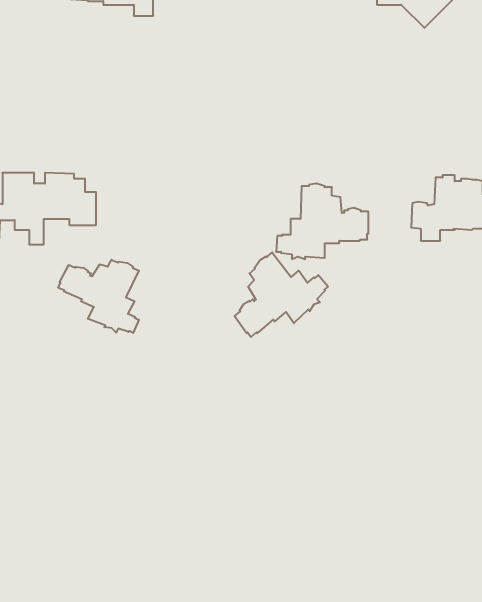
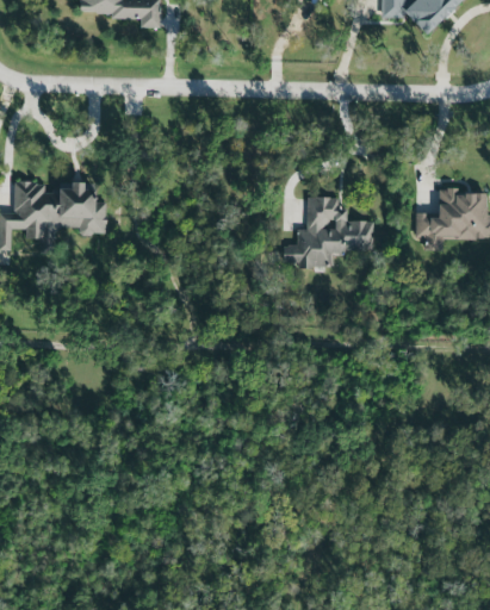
building: [235,252,328,337] -> none
building: [58,260,139,333] -> none

